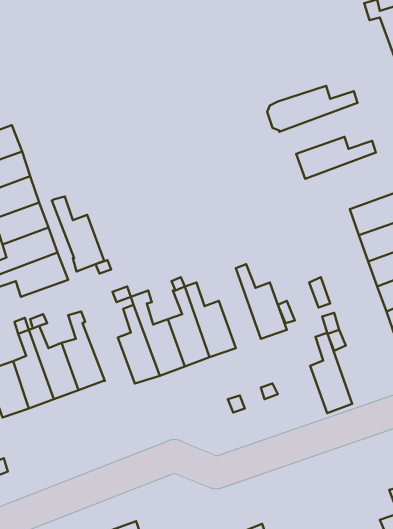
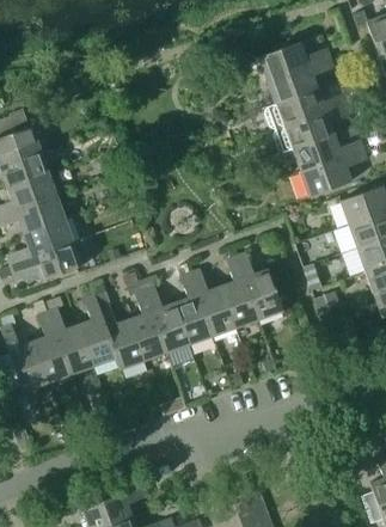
building: none -> [258,42,335,104]
building: none -> [274,105,351,153]
building: none -> [300,151,368,198]
building: [52,197,104,271] -> [97,302,145,370]
building: [310,333,352,413] -> [221,256,259,329]

